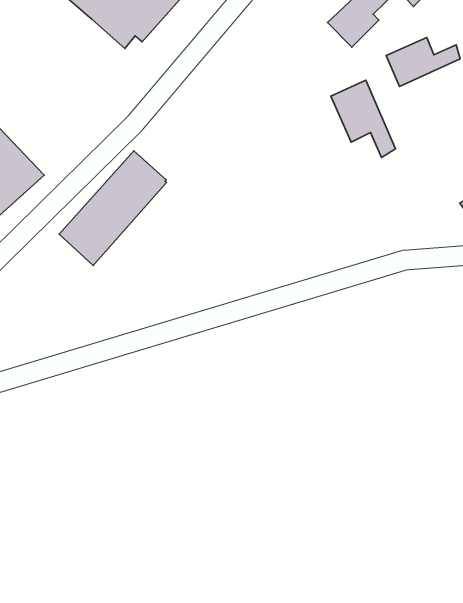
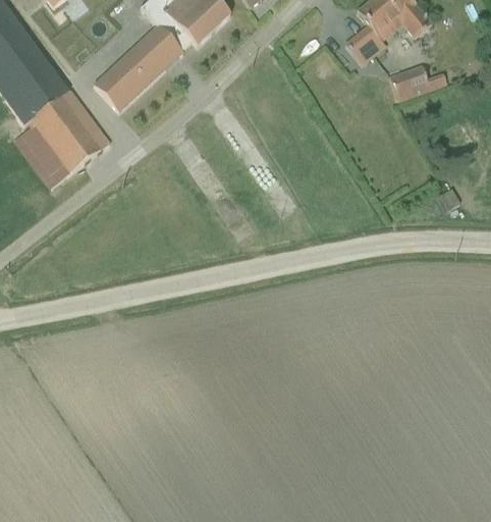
building: [331,80,395,158] -> none
building: [59,151,166,266] -> [95,22,183,110]

